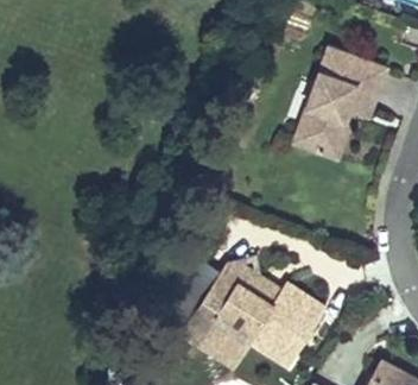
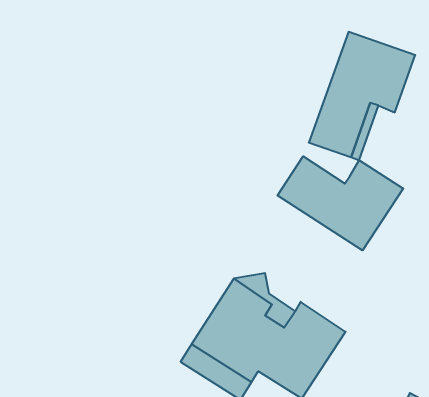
building: none -> [278,156,403,250]

